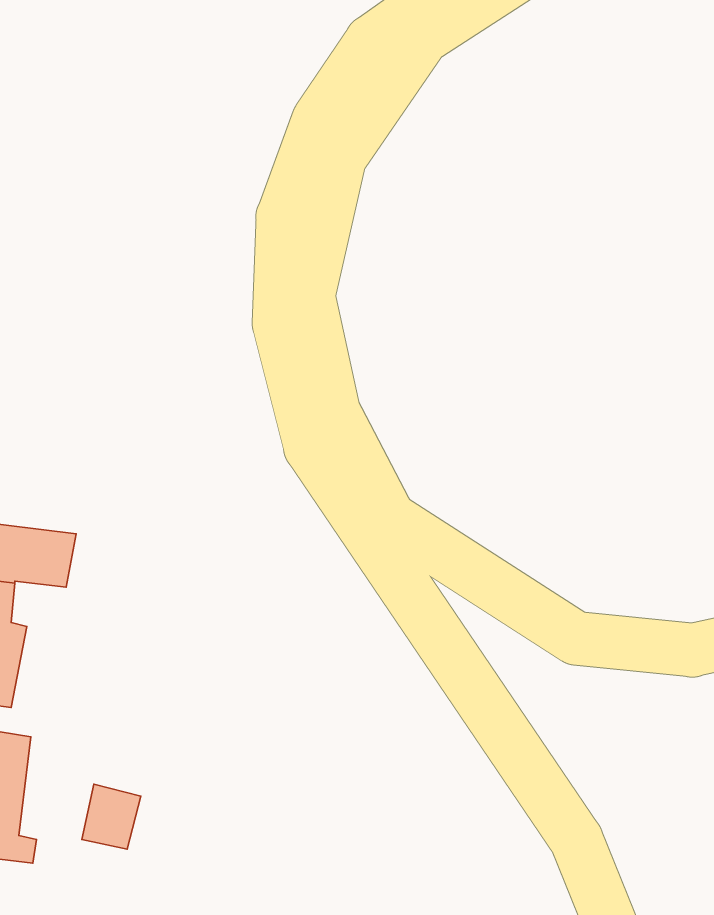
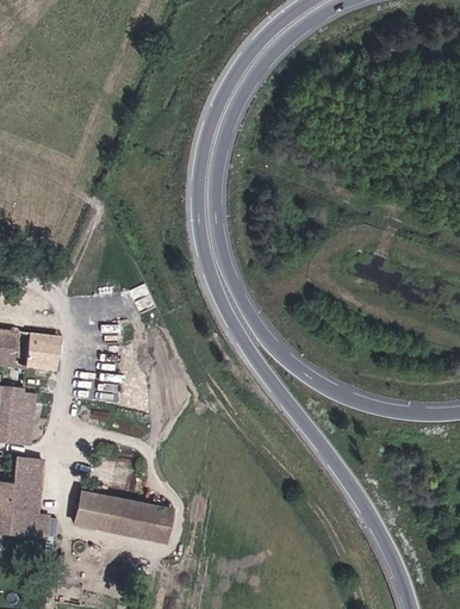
building: none -> [101,497,164,541]

